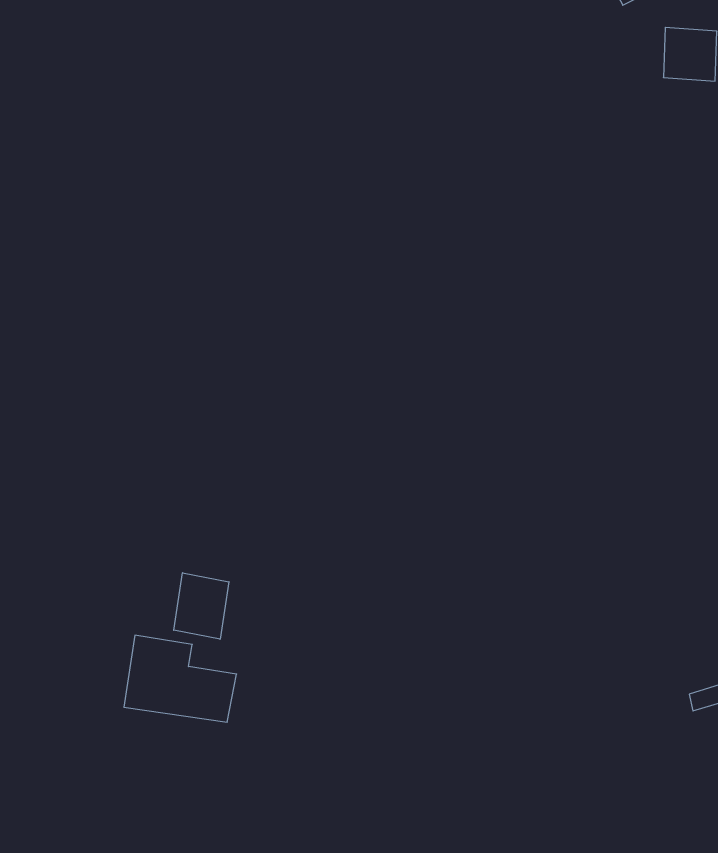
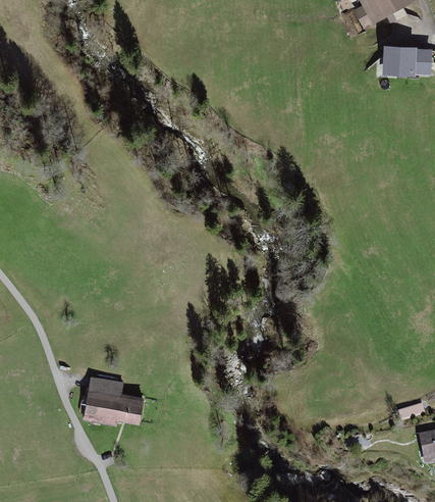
building: [174,573,229,639] -> none

